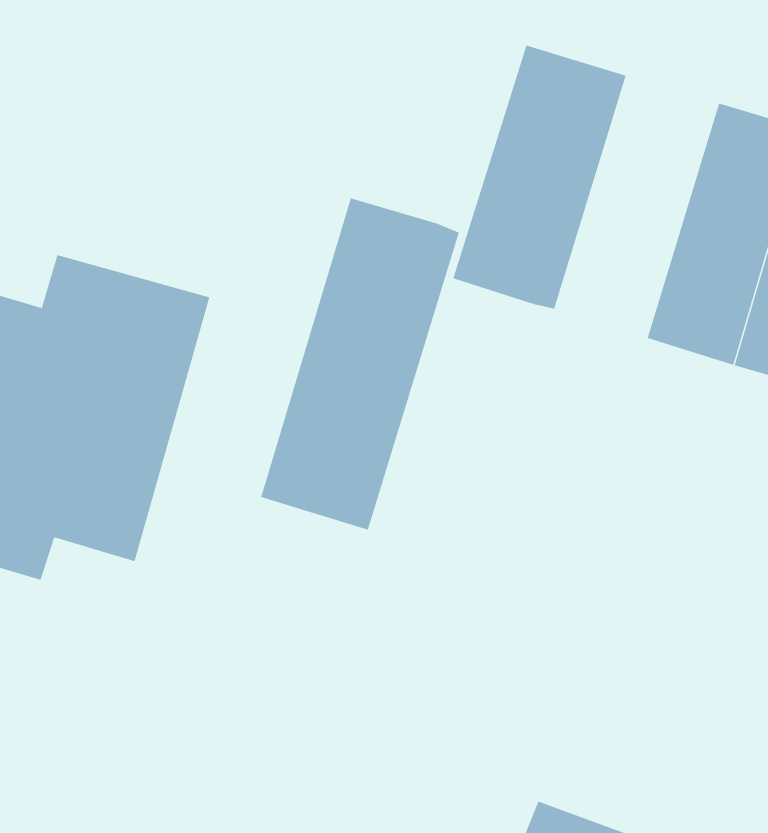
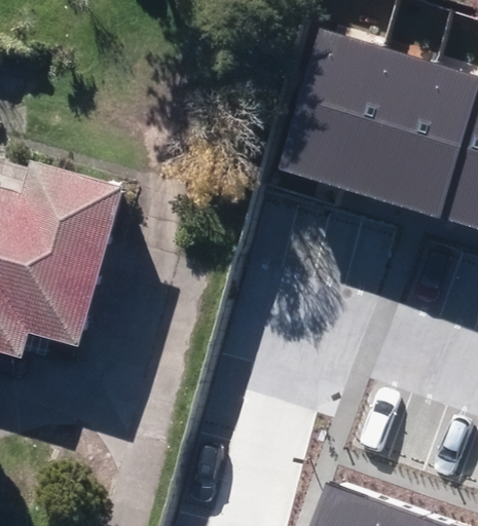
building: none -> [337,49,436,208]
building: [260,198,460,531] -> none

